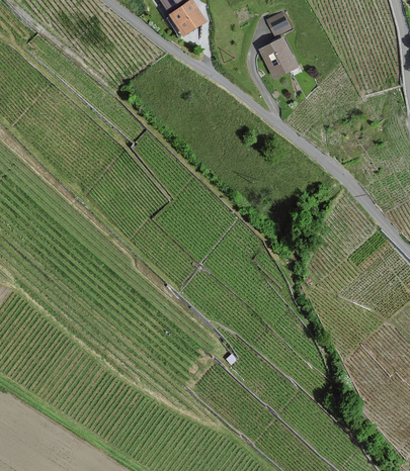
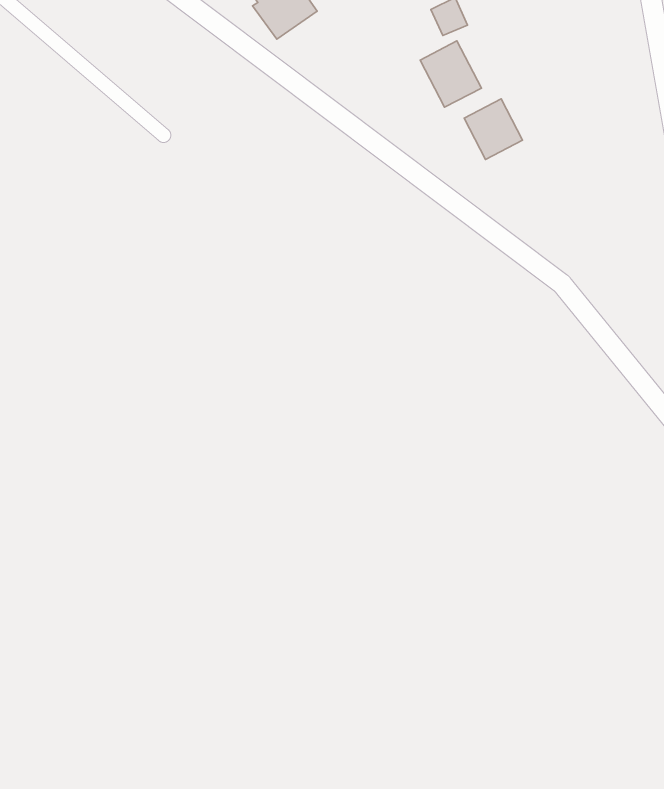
building: none -> [464,99,523,160]

